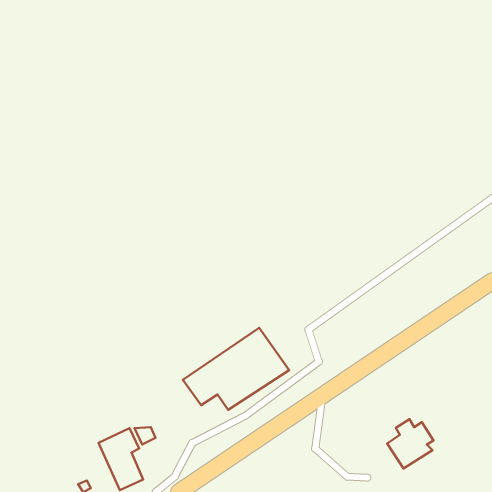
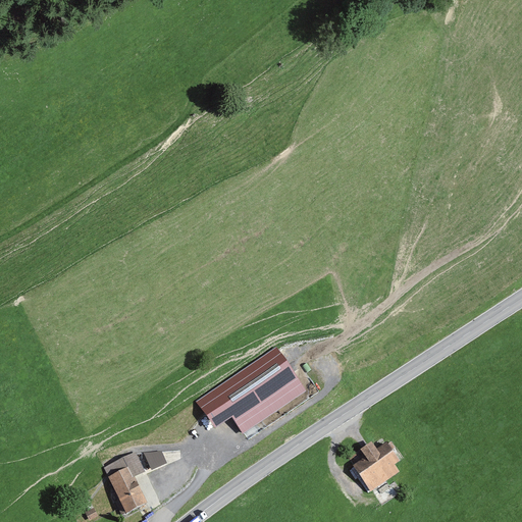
building: [387,419,434,469] -> [354,440,403,492]

